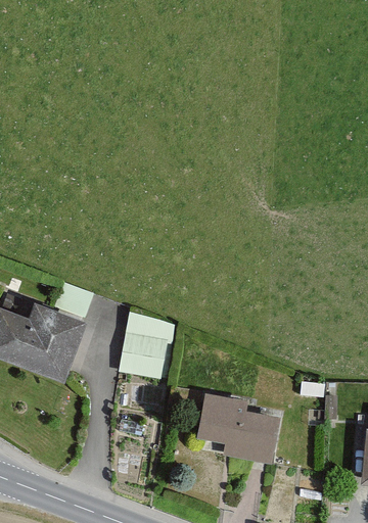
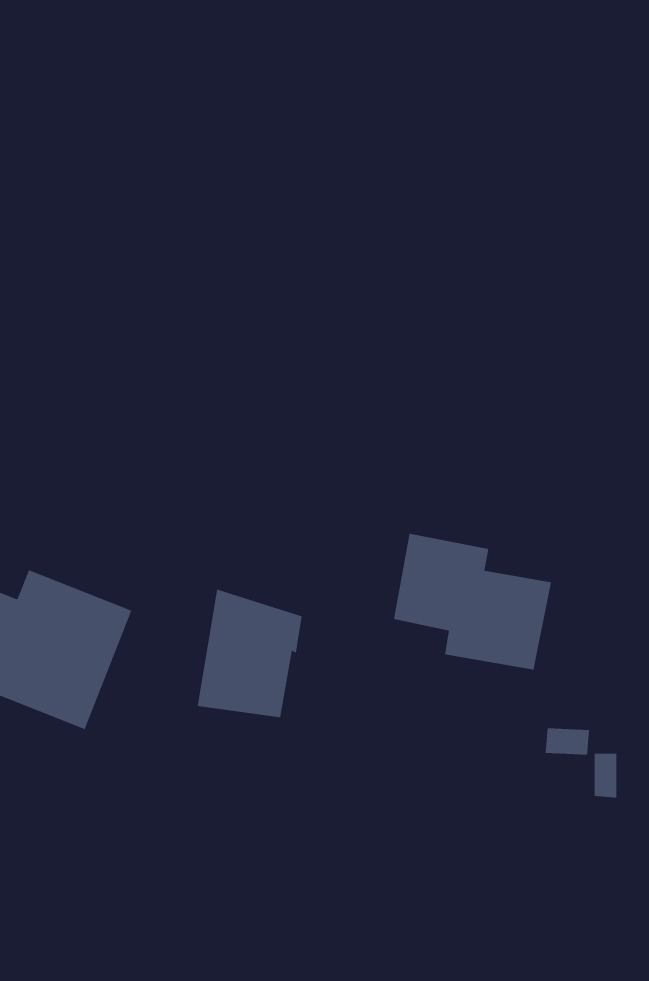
building: [197,392,280,464] -> [393,533,552,670]

